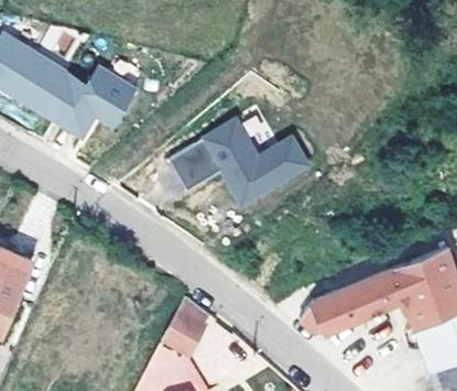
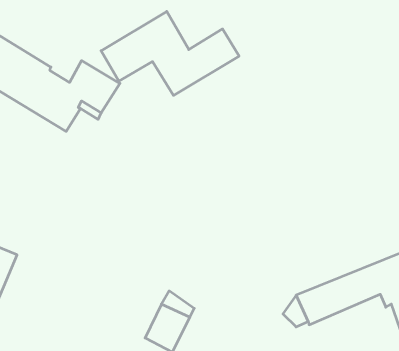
building: [167,121,306,206] -> [101,11,239,95]

